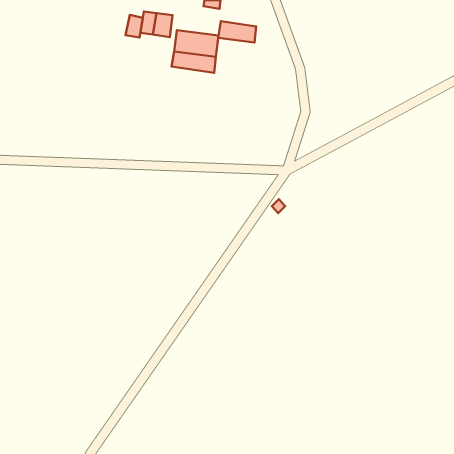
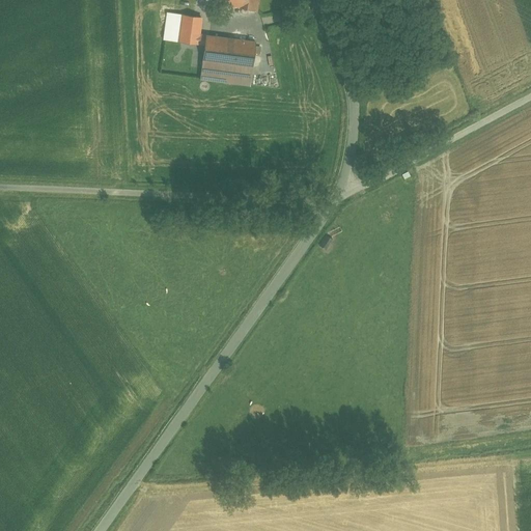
building: [126,15,143,37] -> none
building: [218,21,256,43] -> none

